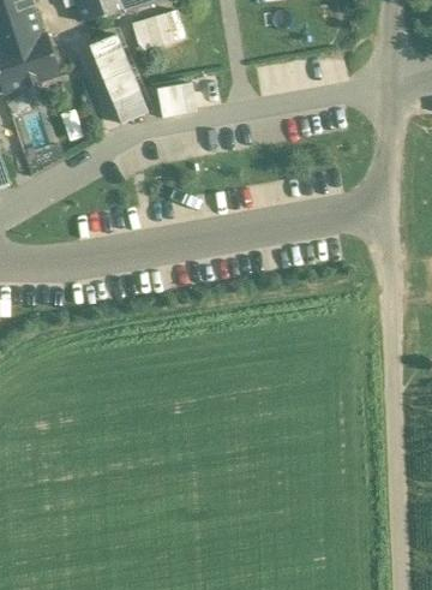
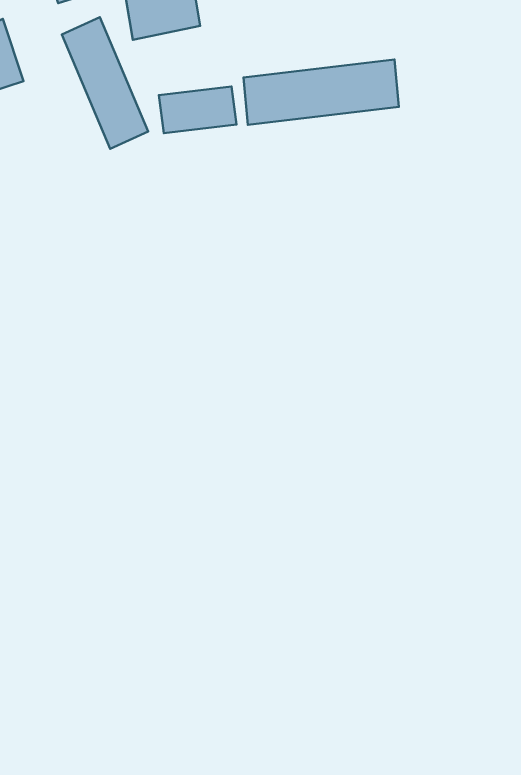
building: none -> [244,59,399,125]

